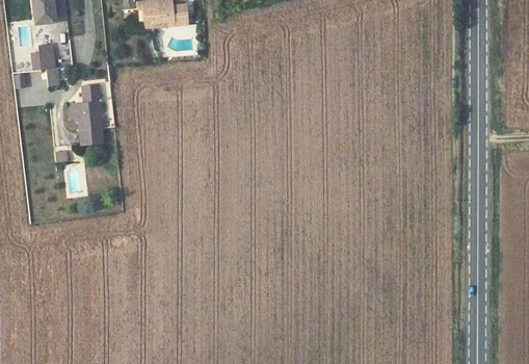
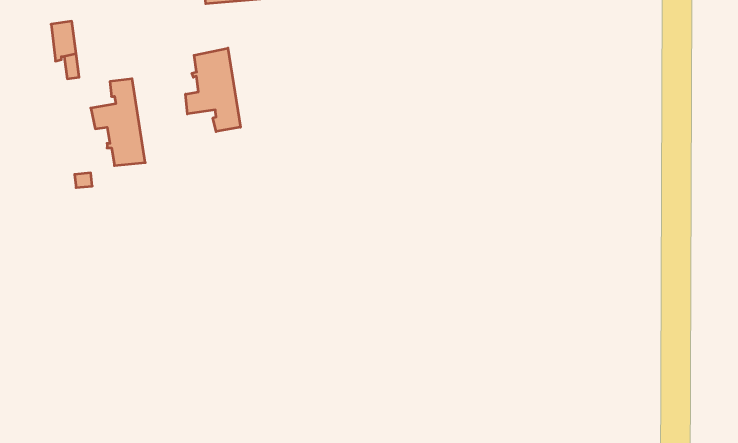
building: none -> [186,48,240,132]

